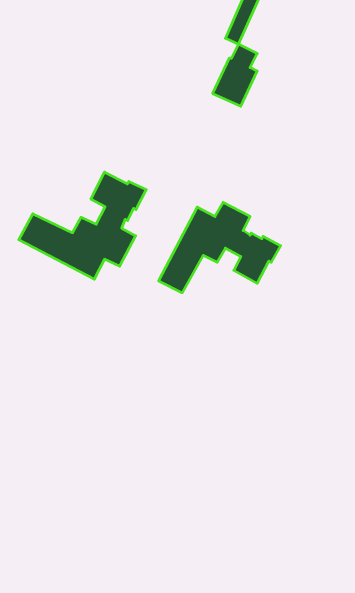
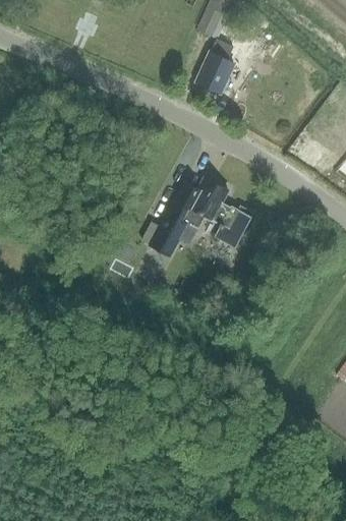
building: [19,172,146,279] -> none

